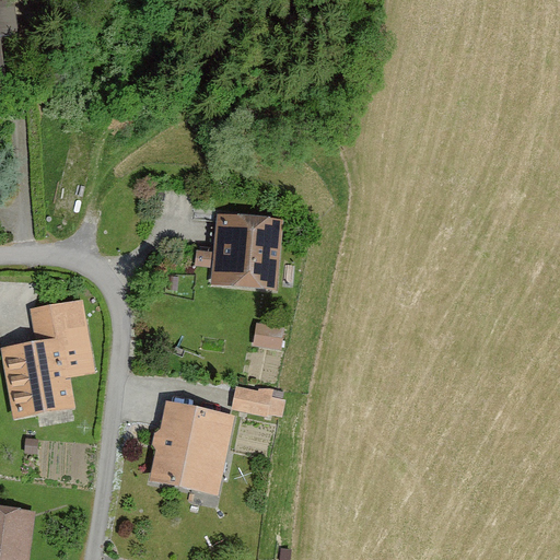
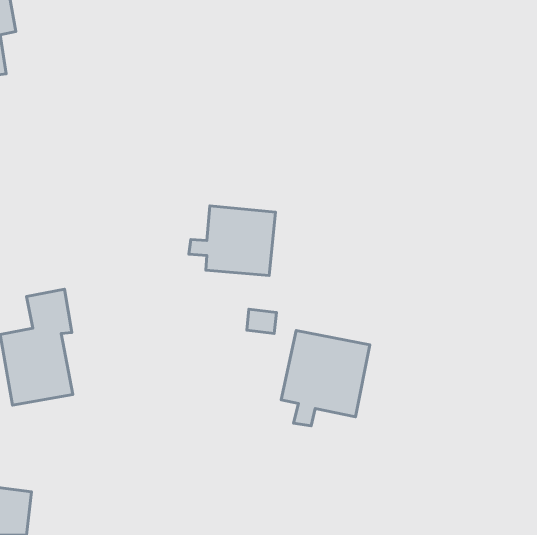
building: none -> [281,330,370,426]
building: [232,385,275,416] -> none
building: [150,400,235,494] -> none

